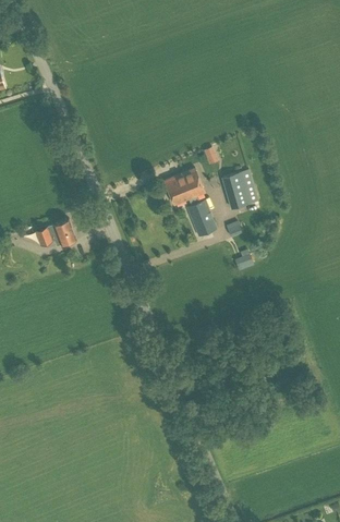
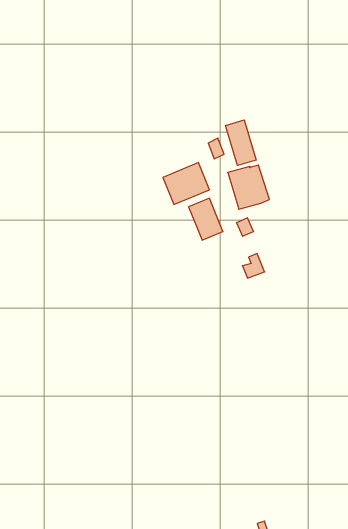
building: none -> [226,120,256,165]
building: [35,220,75,246] -> none

